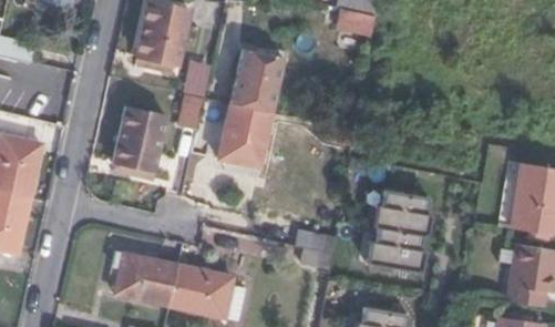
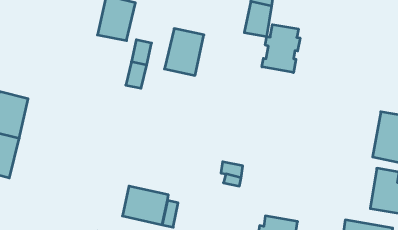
building: none -> [262,25,300,73]
building: [216,104,270,166] -> none
building: [113,106,165,170] -> none
building: [370,191,433,270] -> none
building: [114,252,179,306] -> none

